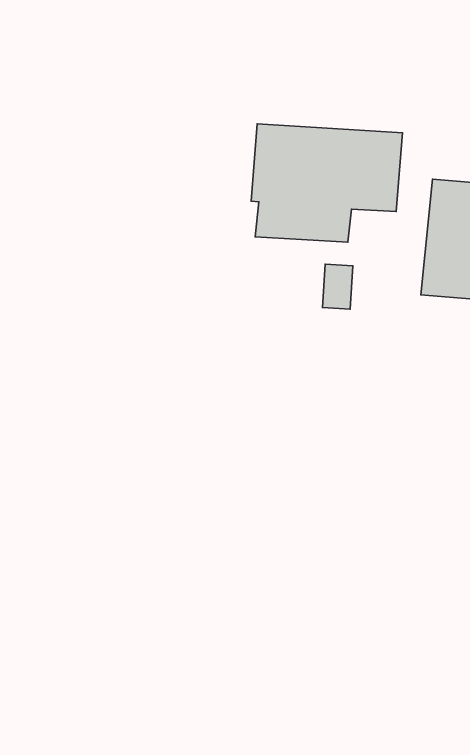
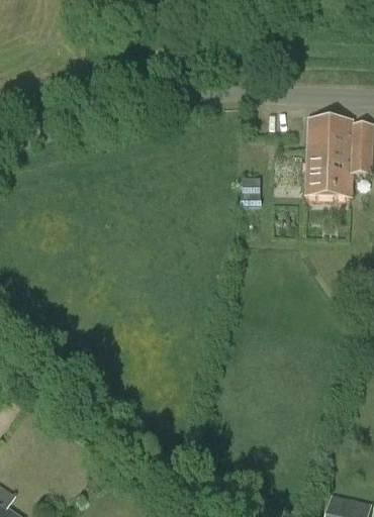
building: [251,124,402,242] -> none

